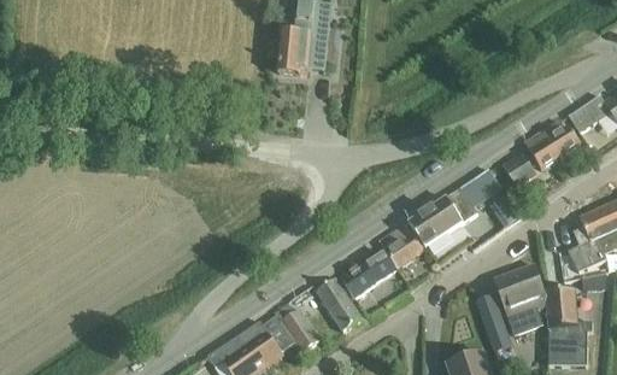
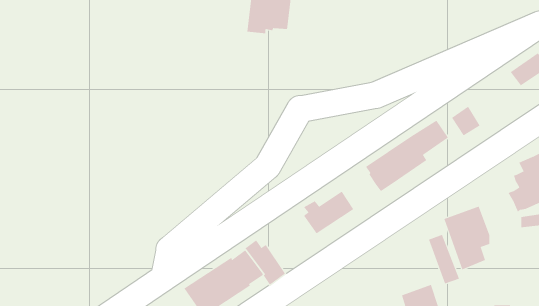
building: [524,119,578,169] -> none
building: [382,223,424,268] -> none
building: [315,276,362,332] -> none
building: [546,288,590,362] -> none

